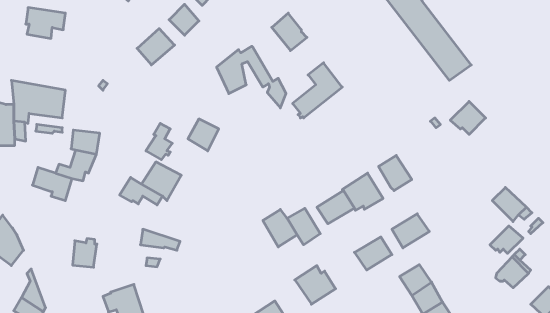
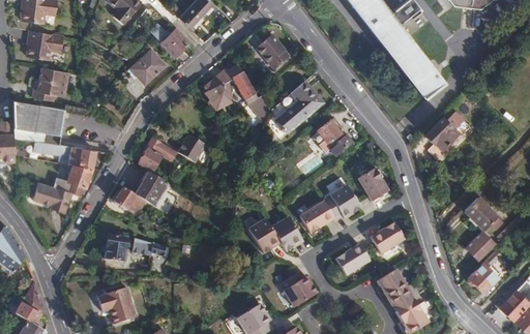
building: none -> [31,65,66,98]
building: none -> [318,120,353,156]
building: [73,239,97,267] -> [105,234,127,261]

